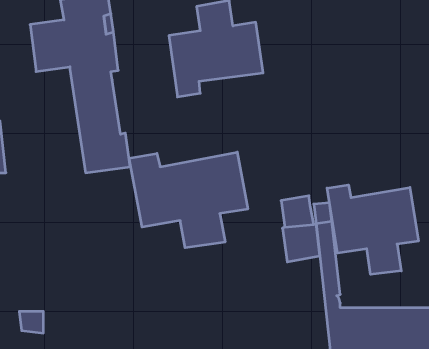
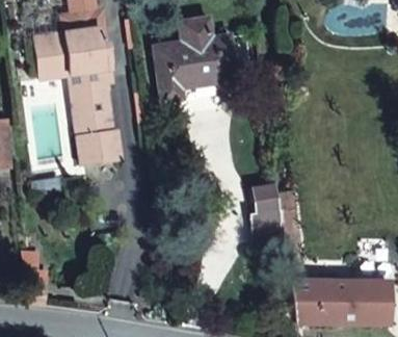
building: [129,152,248,248] -> none
building: [327,185,418,274] -> none

